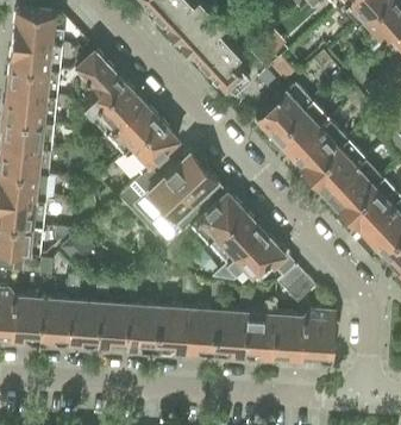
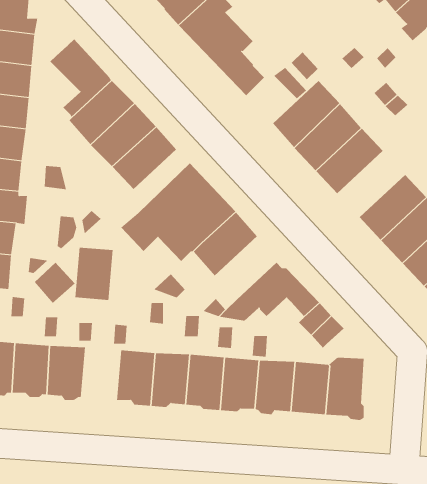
building: [309,140,365,195] -> none
building: [208,211,259,263] -> none
building: [99,302,131,346] -> [74,247,113,300]

